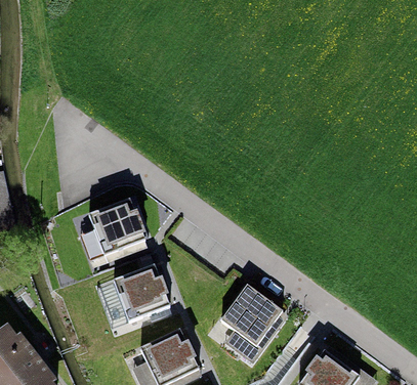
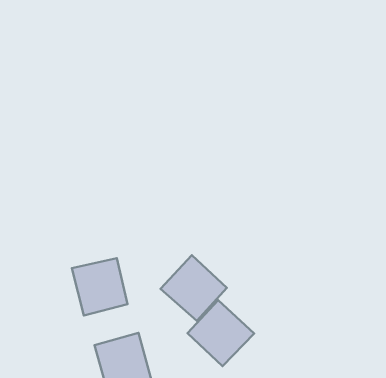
building: [90,198,144,252] -> none
building: none -> [160,255,227,321]

